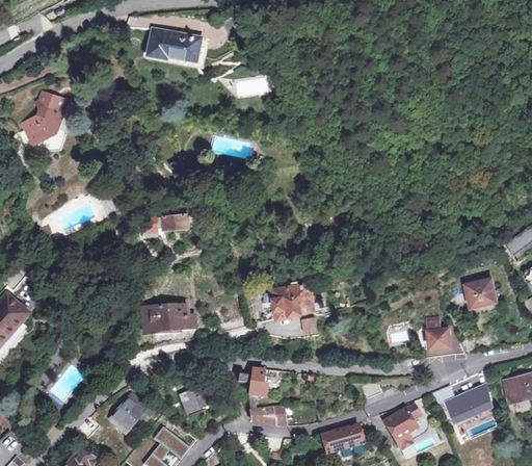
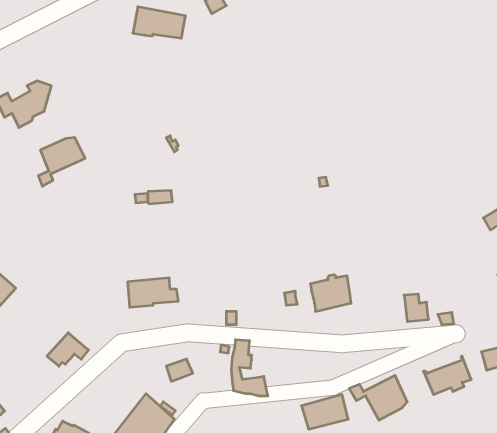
building: none -> [39,137,85,186]
building: [463,278,496,307] -> none
building: [272,281,314,318] -> [310,275,351,311]
building: [109,394,152,429] -> [47,333,89,366]

